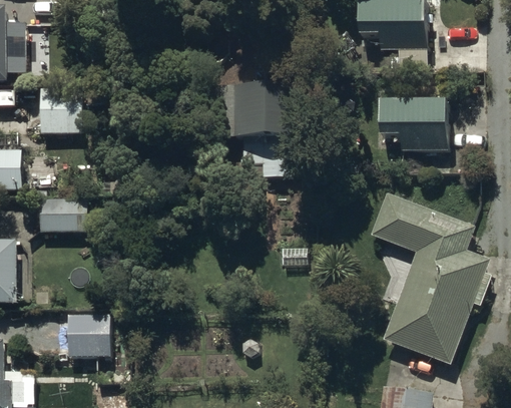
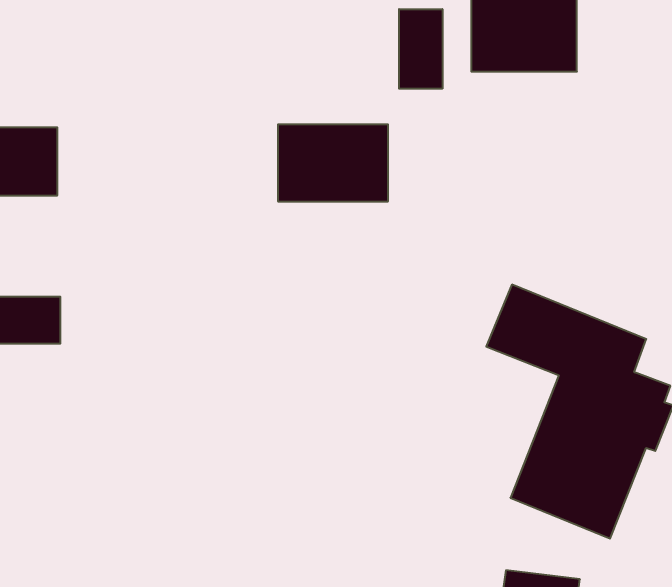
building: none -> [399,9,442,89]
building: [379,101,448,151] -> none
building: [66,313,110,353] -> none

